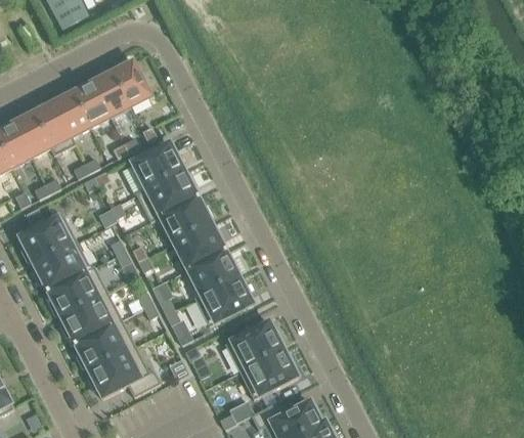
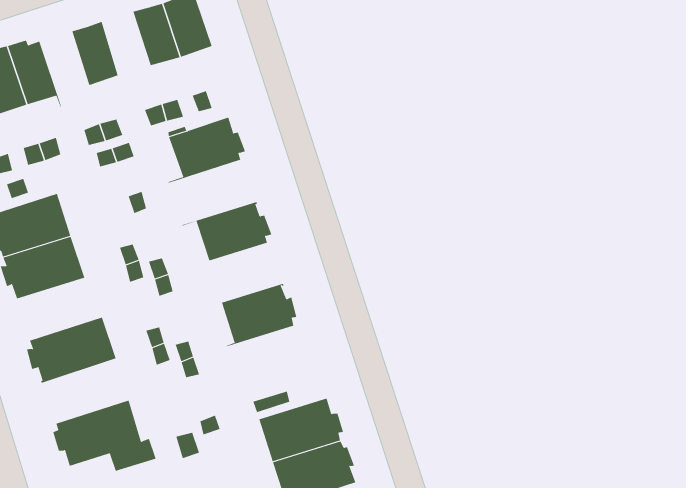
building: [72,82,110,127] -> none
building: [32,102,74,155] -> none
building: [135,170,198,221] -> none
building: [172,223,225,269] -> none
building: [45,266,106,317] -> none
building: [193,276,252,326] -> none
building: [73,319,134,370] -> none

